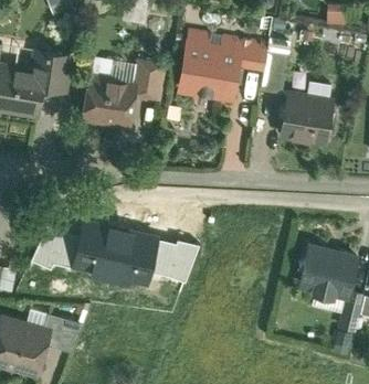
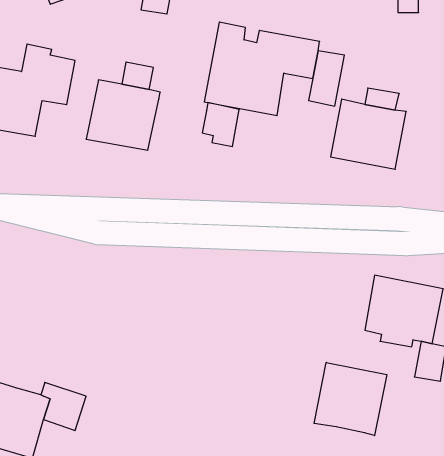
building: [131,58,161,94] -> [202,103,239,147]
building: [30,220,198,284] -> none
building: none -> [314,362,387,436]

